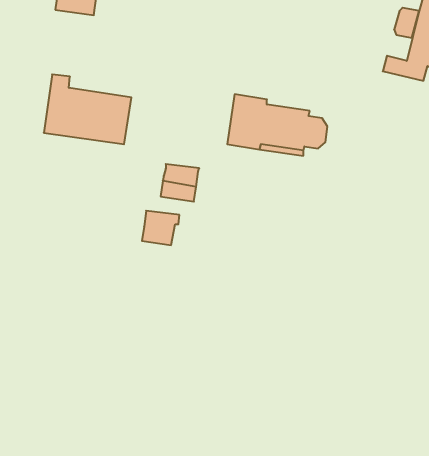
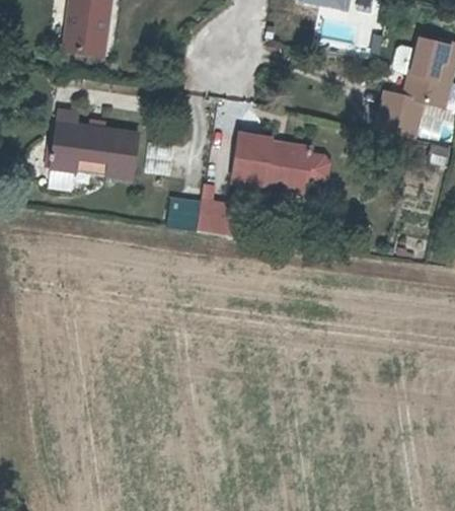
building: none -> [377,106,422,136]
building: [142,211,179,245] -> [199,204,235,237]

